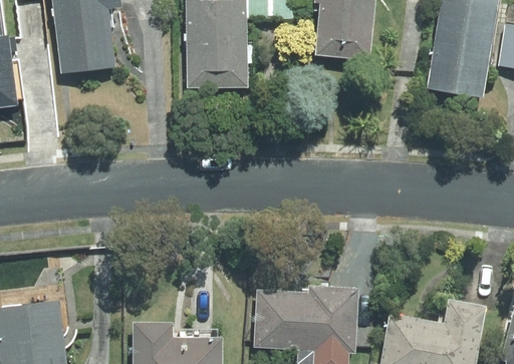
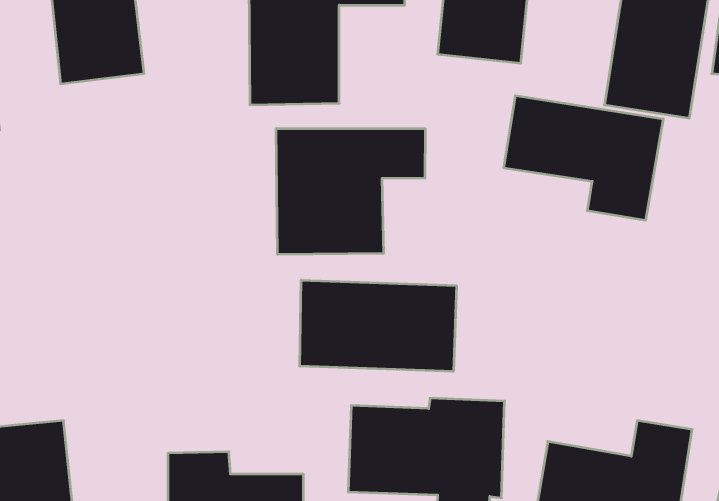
building: none -> [504,96,663,220]
building: none -> [276,129,425,254]
building: none -> [300,280,456,371]

